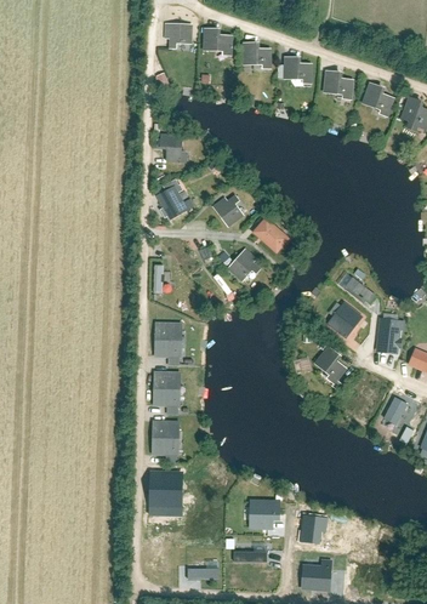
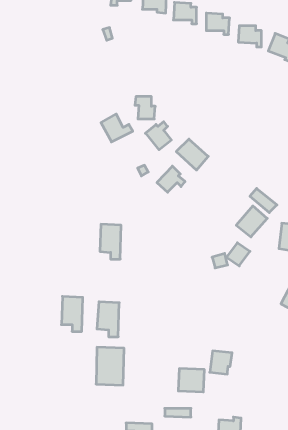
building: [160,133,186,161] -> [135,97,155,119]
building: [152,369,178,412] -> [61,296,83,331]
building: [298,515,326,545] -> [210,351,232,374]

